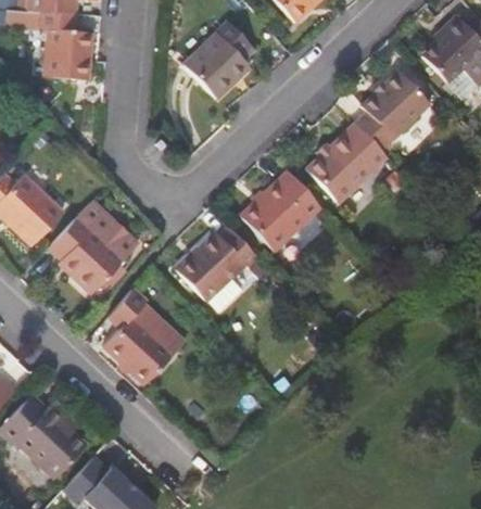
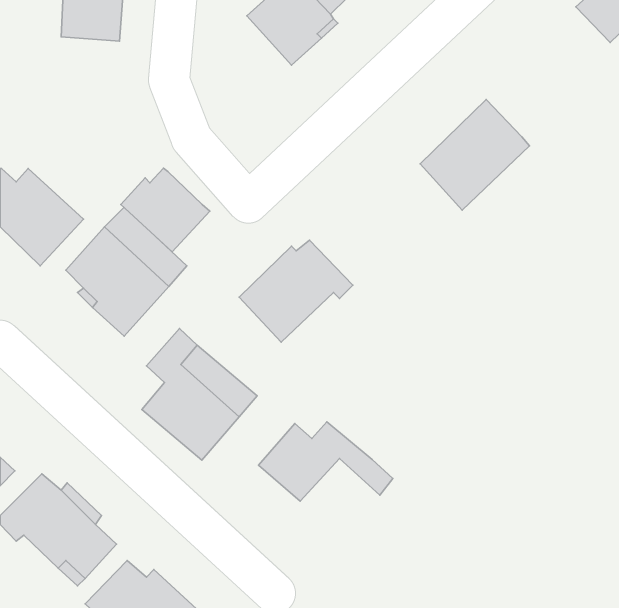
building: [354,68,431,151] -> none
building: [241,173,322,253] -> none
building: none -> [121,168,210,252]
building: none -> [259,422,393,501]

